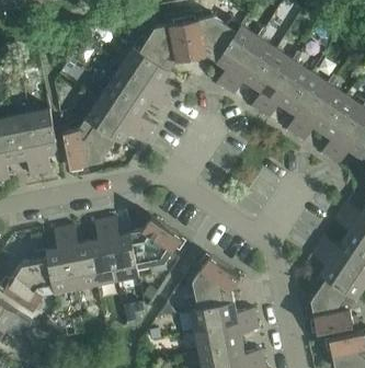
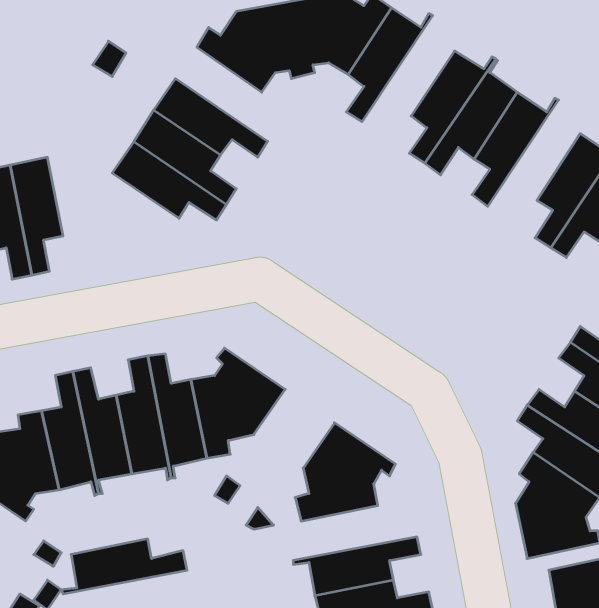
building: [225,30,276,94] -> none
building: [121,47,178,100] -> none
building: [295,77,346,141] -> none
building: [62,117,123,168] -> none
building: [185,302,255,333] -> [61,539,187,594]

